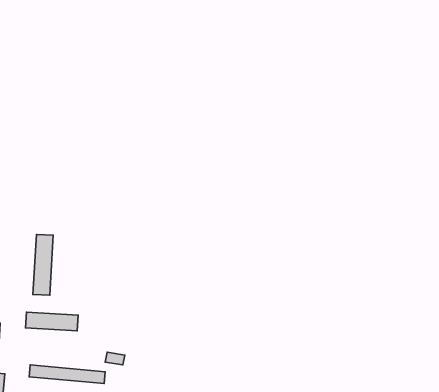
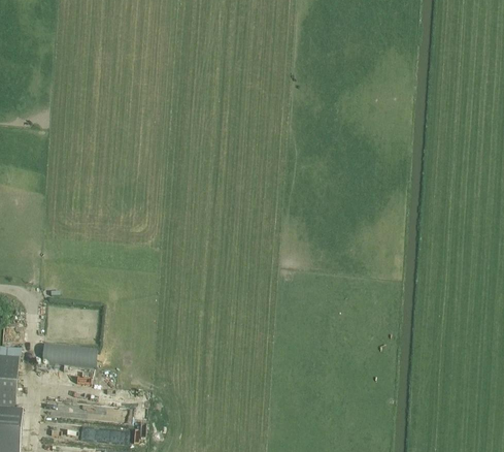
building: [33,234,53,295] -> none

